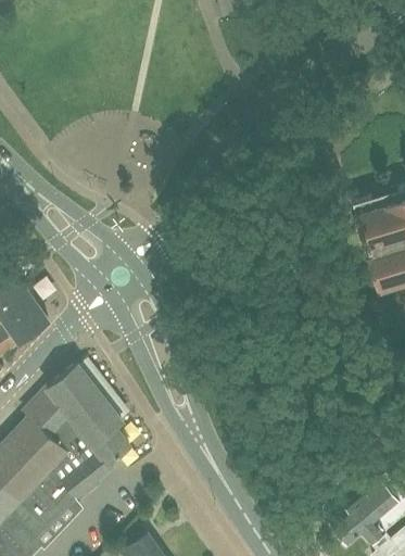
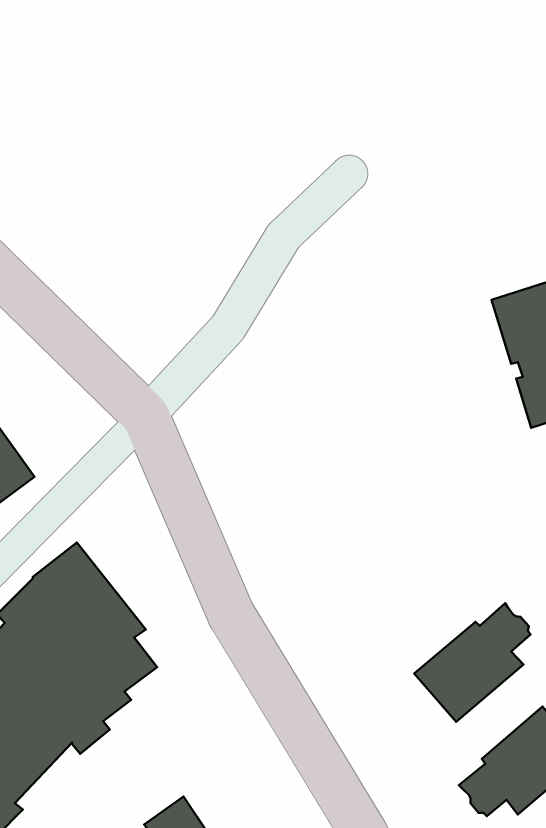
building: none -> [414,603,530,722]

